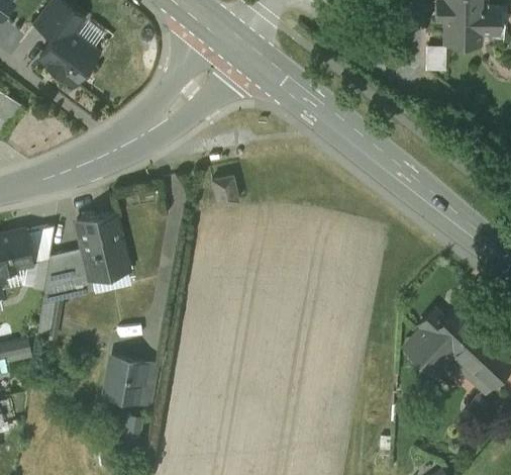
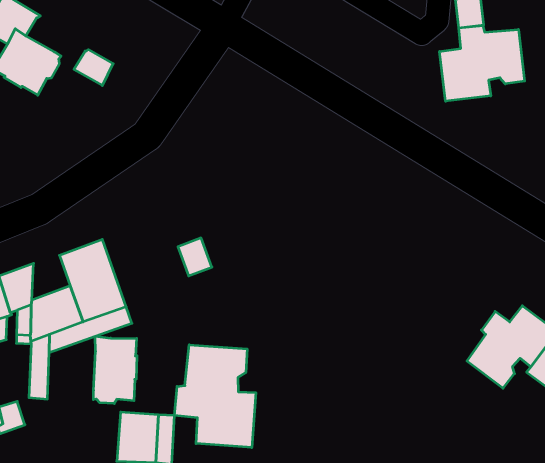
building: [69,19,102,51] -> [74,50,113,86]
building: none -> [440,25,525,101]
building: [210,176,236,206] -> [178,238,212,276]
building: none -> [93,336,137,404]
building: none -> [175,345,256,448]

